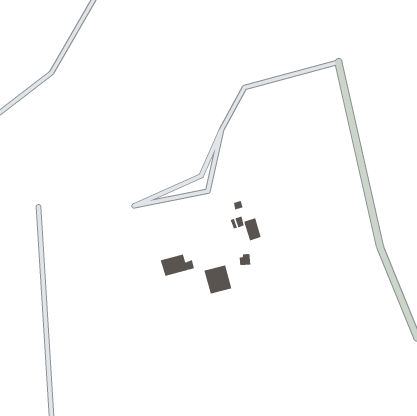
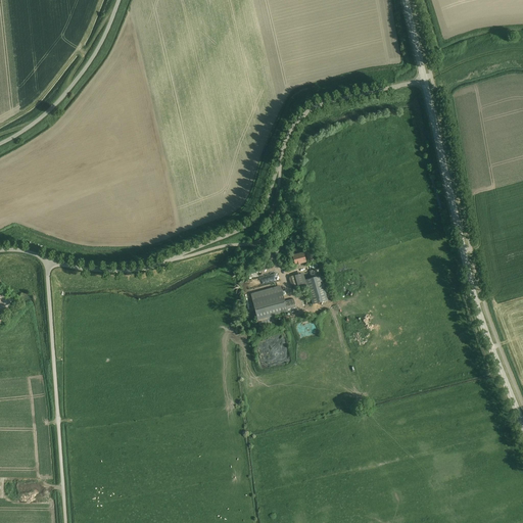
building: [160,254,195,277] -> [251,289,295,318]

